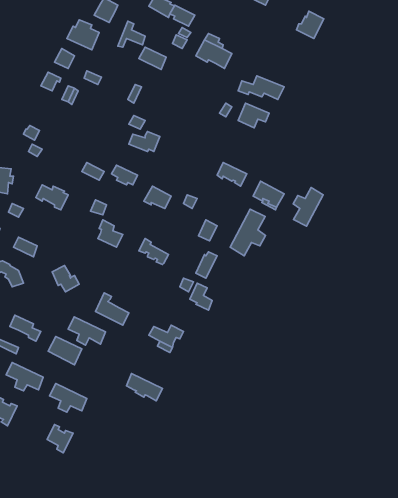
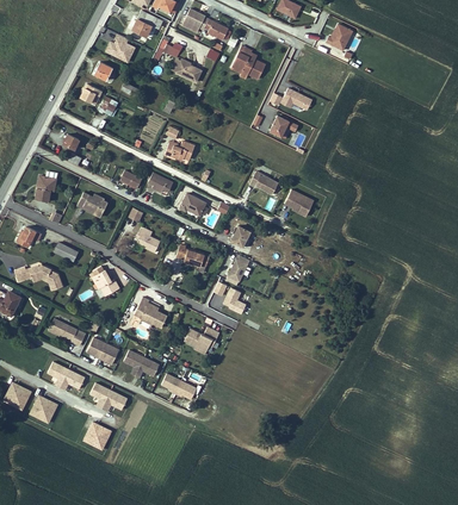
building: [293,187,323,226] -> none
building: [230,209,266,256] -> none
building: [68,317,105,345] -> [123,350,159,378]

